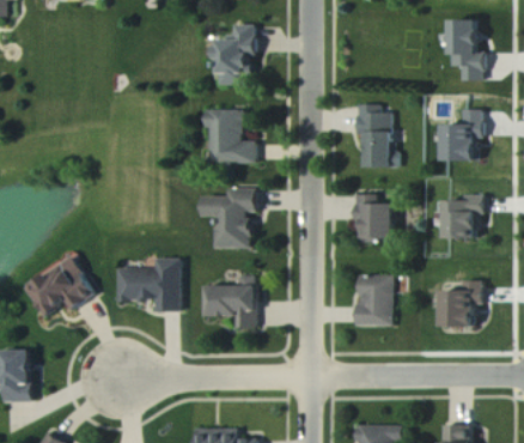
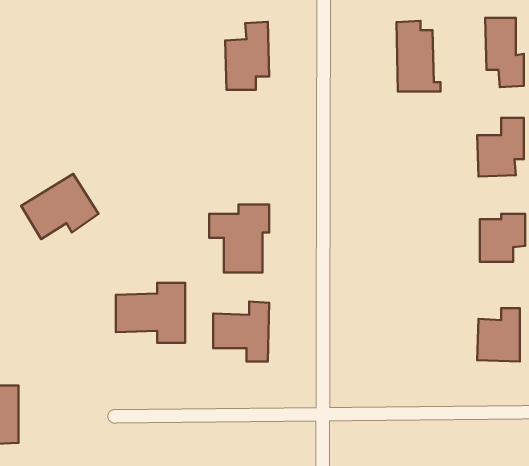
building: [357,103,396,166] -> [397,21,441,91]
building: [207,109,256,162] -> none
building: [354,194,392,239] -> none
building: [25,257,95,316] -> [21,174,99,239]
building: [355,274,394,326] -> none

